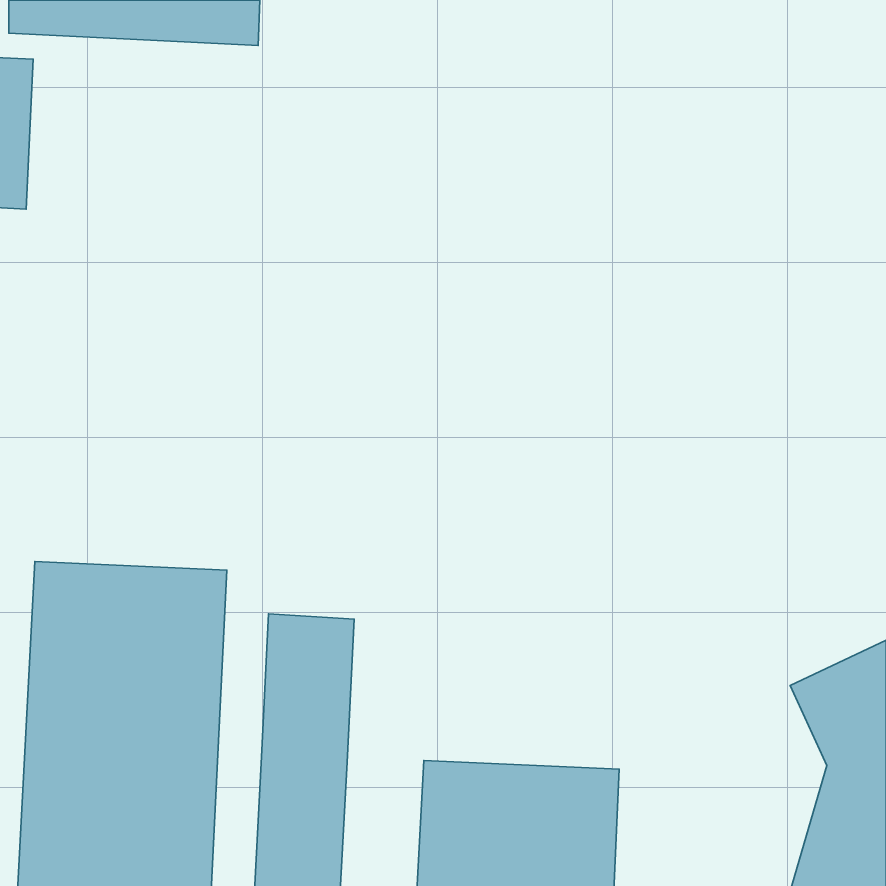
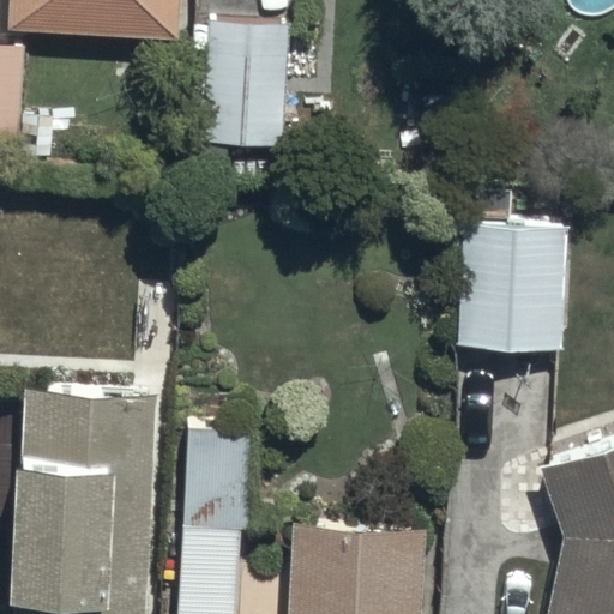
building: none -> [205,23,285,151]
building: none -> [462,217,570,351]

